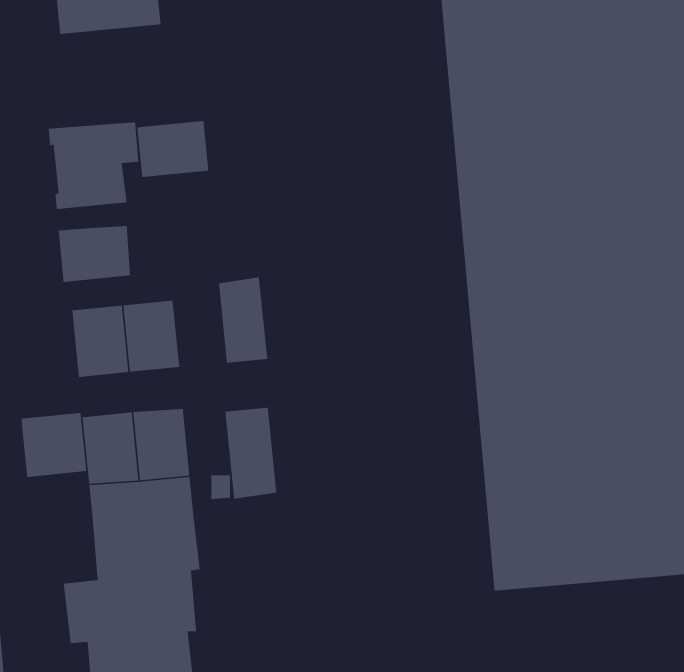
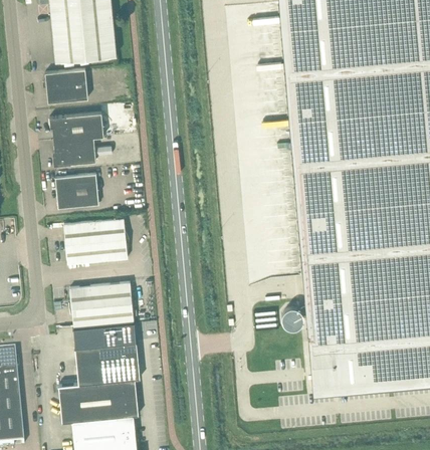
building: [136,120,209,178] -> [45,68,88,102]
building: [218,277,268,364] -> none
building: [224,407,277,500] -> none
building: [21,412,87,478] -> none

